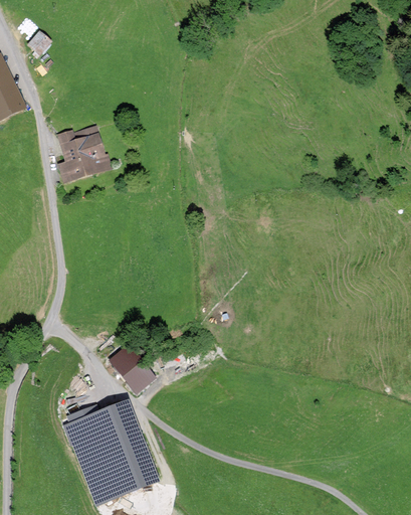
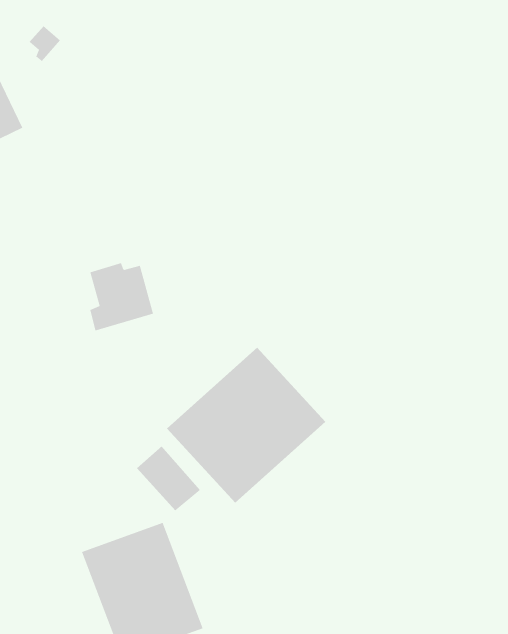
building: [59,127,108,178] -> [89,263,154,331]
building: none -> [166,347,326,503]

